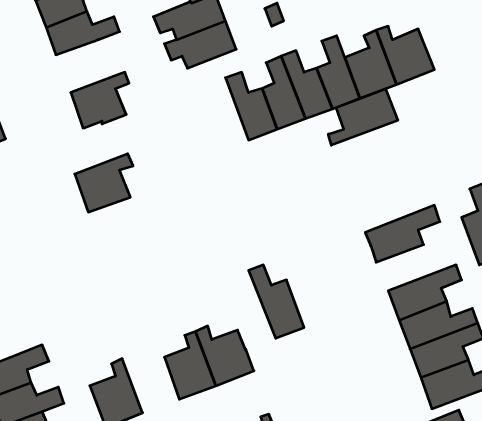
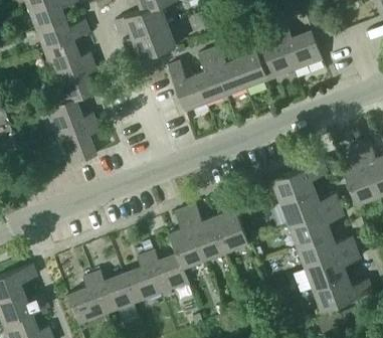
building: none -> [42,38,93,77]
building: [328,89,398,145] -> none
building: none -> [45,99,95,138]
building: none -> [279,190,339,224]
building: none -> [213,192,248,251]
building: none -> [169,209,205,269]
building: none -> [91,272,134,315]

